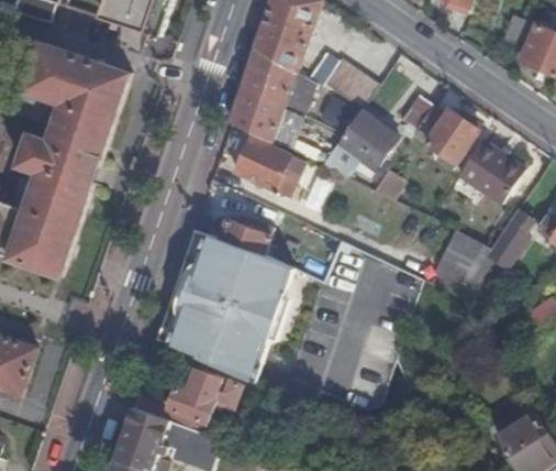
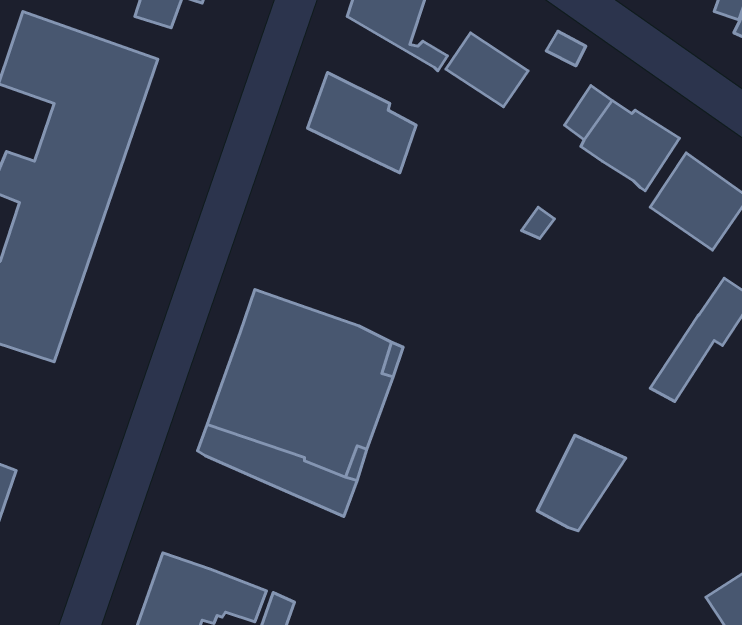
building: [242,46,313,111] -> none
building: [335,108,396,167] -> none
building: [234,135,304,196] -> none
building: [219,217,271,253] -> none
building: [430,231,489,295] -> [537,435,626,531]
building: [132,366,240,421] -> none

